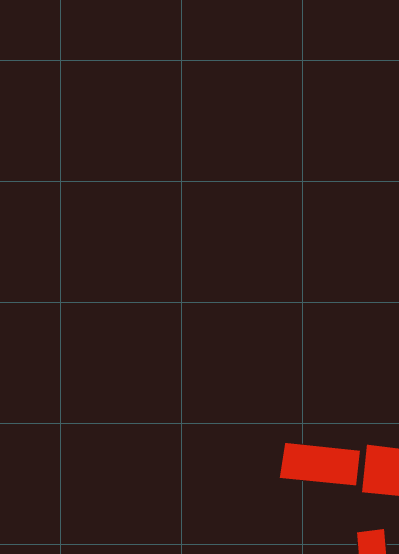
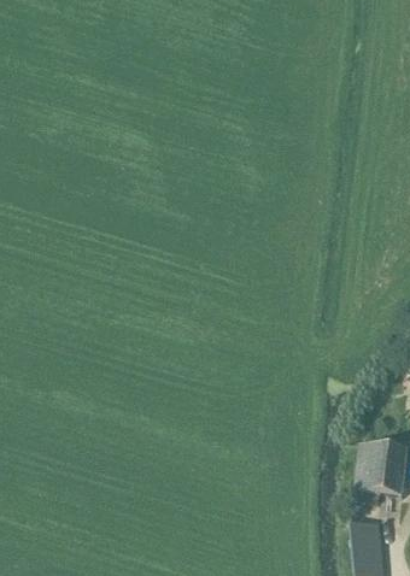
building: [279,442,360,486] -> none

